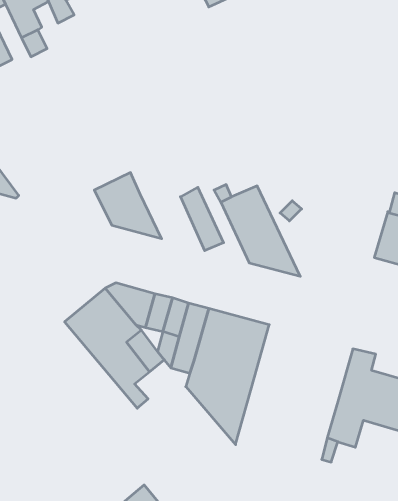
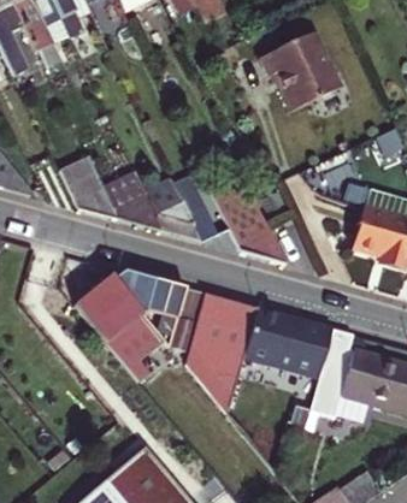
building: none -> [261,30,342,110]
building: none -> [60,155,118,218]
building: none -> [143,177,201,241]
building: none -> [246,307,334,375]

